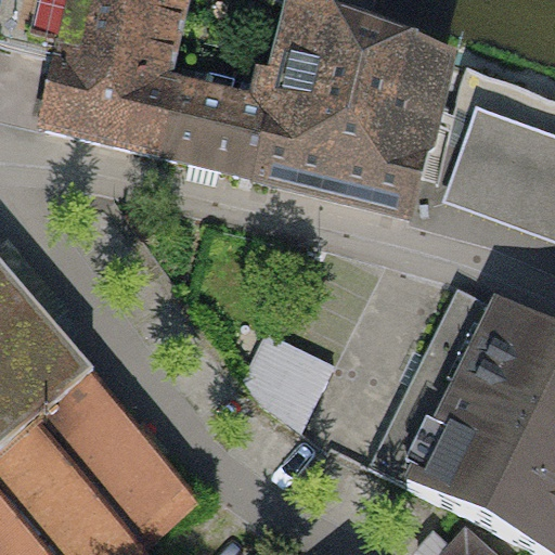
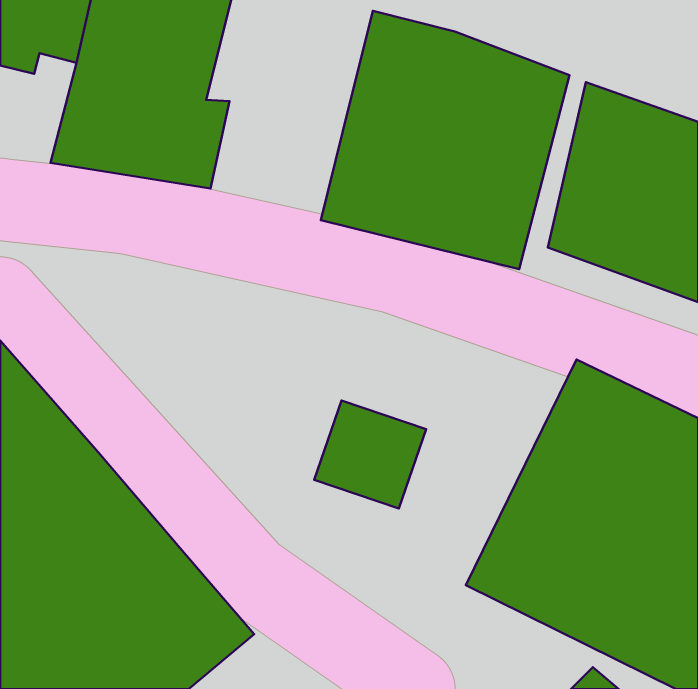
building: [167,80,272,175] -> none

